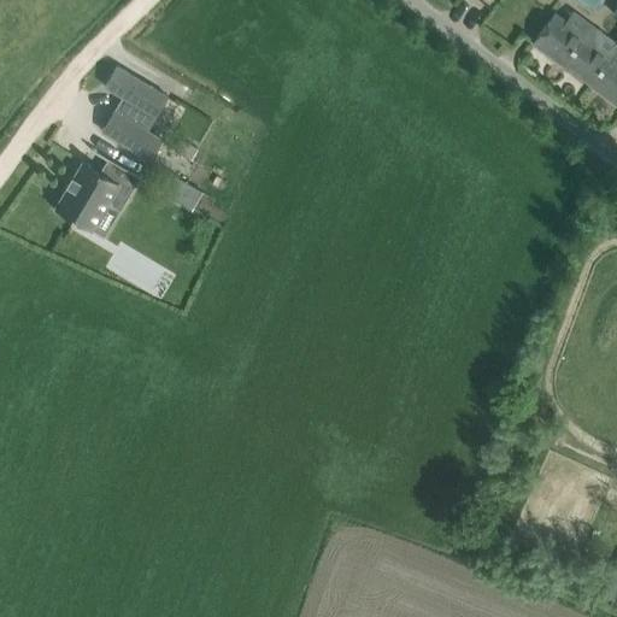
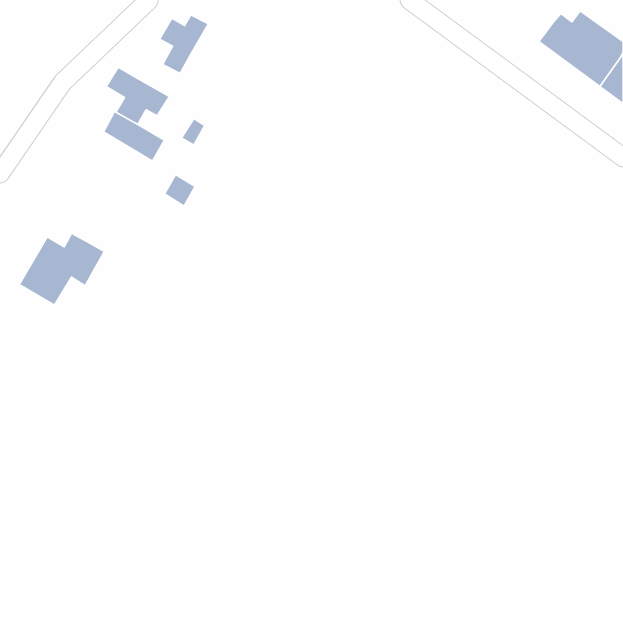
building: none -> [160,15,208,73]
building: [55,160,140,231] -> [19,233,105,305]

